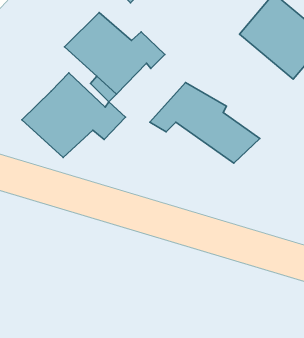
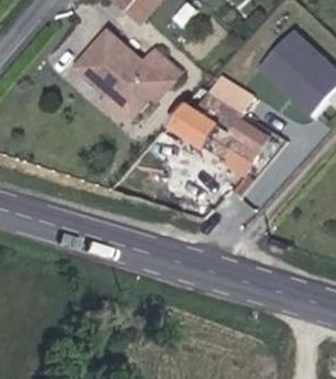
building: none -> [200,81,257,127]
building: [22,73,126,158] -> none

